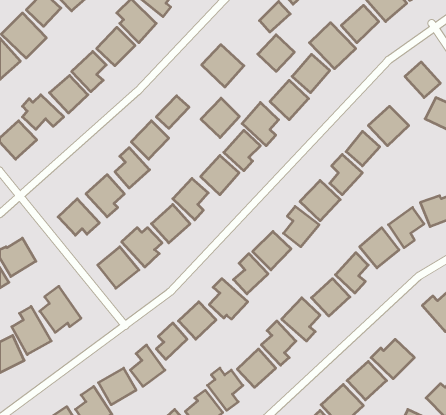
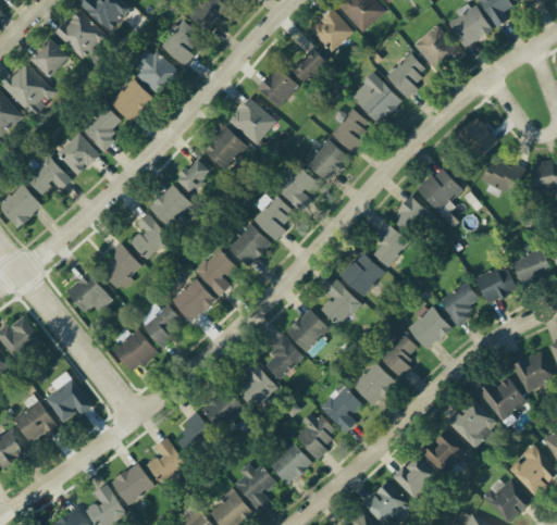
building: [258,35,294,71] -> [258,66,299,108]
building: [201,98,239,138] -> [203,126,247,171]
building: none -> [447,398,498,448]

